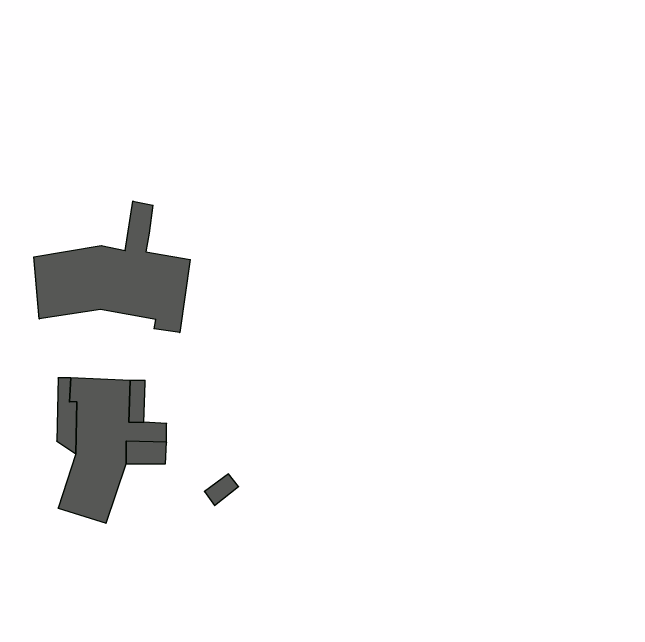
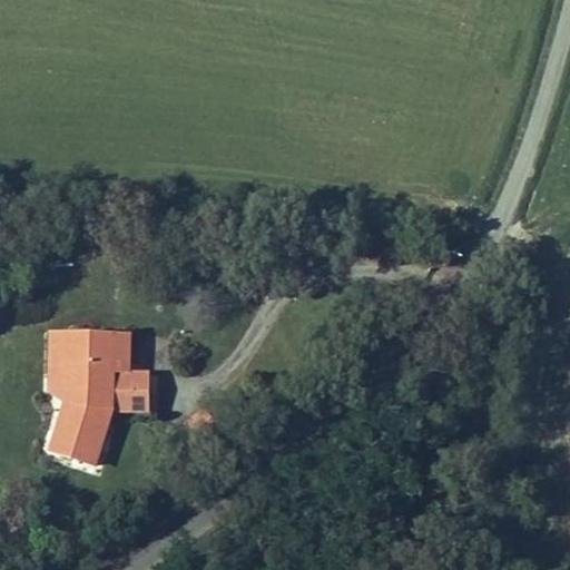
building: [34,201,190,333] -> none

